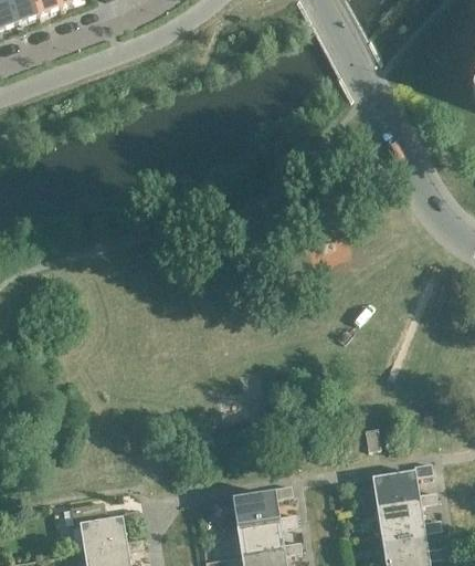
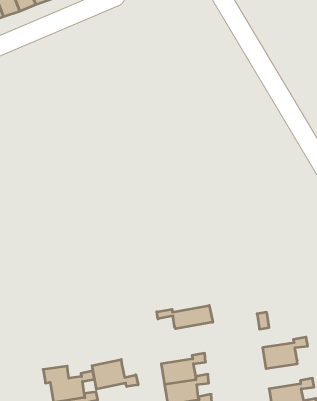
building: none -> [157,305,213,329]
building: [376,494,437,535] -> none
building: none -> [92,359,138,389]

